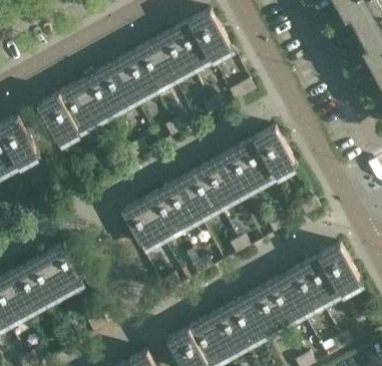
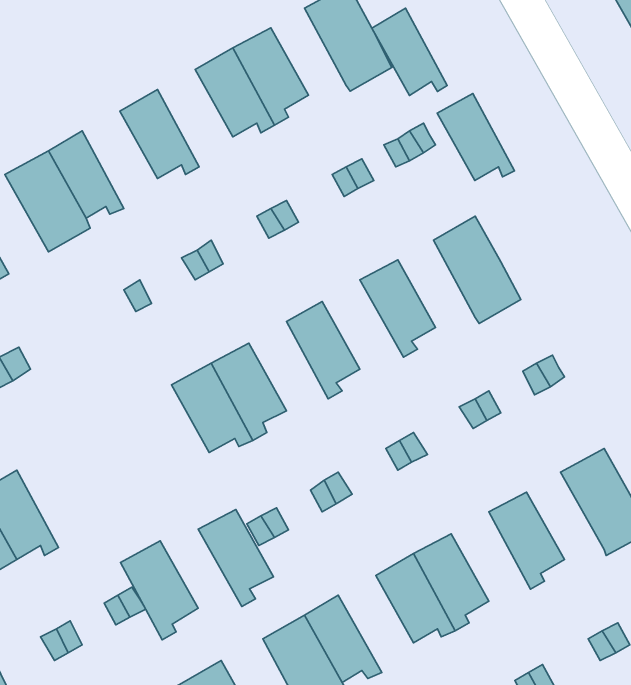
building: [170,23,209,67] -> [372,8,447,96]
building: [113,54,151,103] -> none
building: [75,75,113,124] -> none
building: [235,140,274,185] -> [437,93,514,181]
building: [197,160,238,206] -> none
building: [159,181,200,227] -> none
building: [42,246,81,296] -> [121,541,198,640]
building: [300,258,339,302] -> none
building: [262,278,302,323] -> none
building: [205,310,243,359] -> [198,509,273,607]

